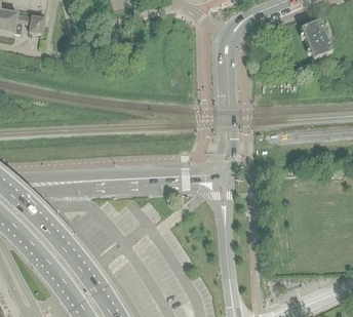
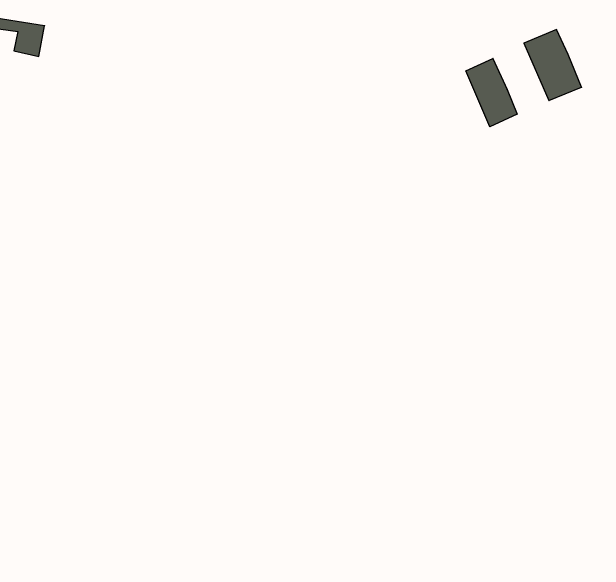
building: none -> [466,58,517,127]

